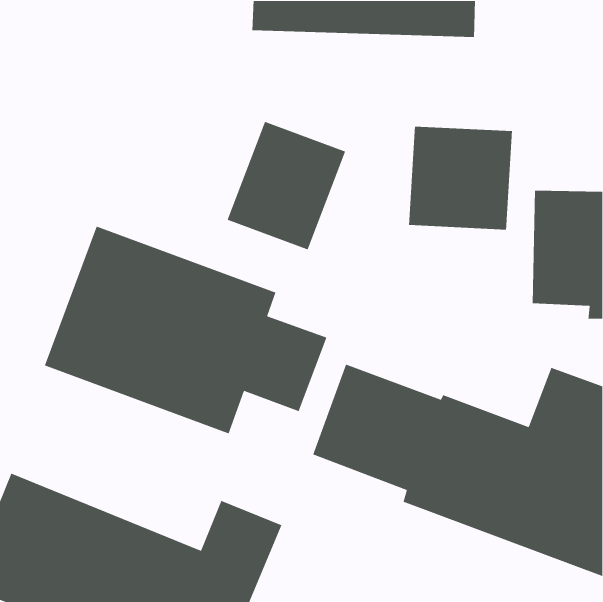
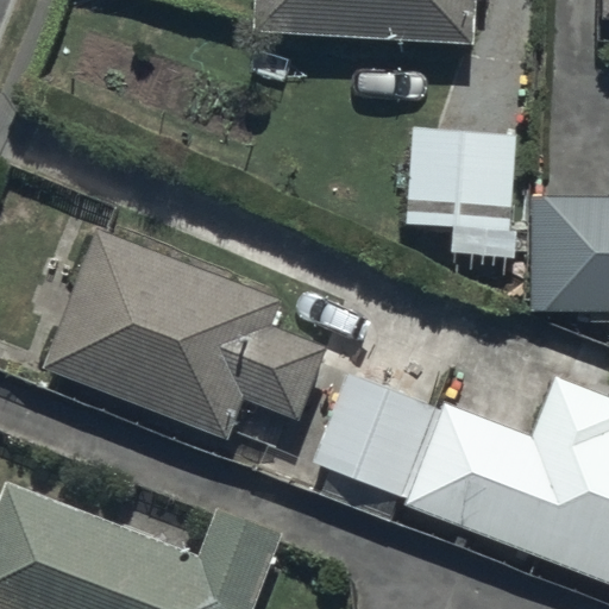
building: [227,121,346,250] -> none

